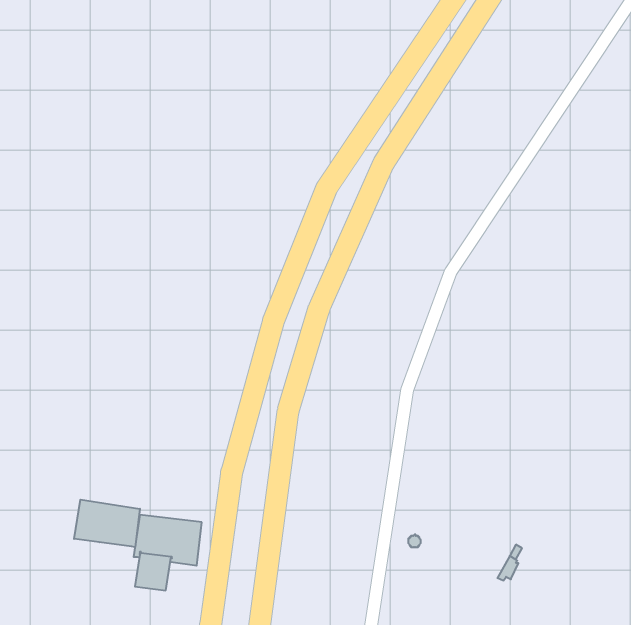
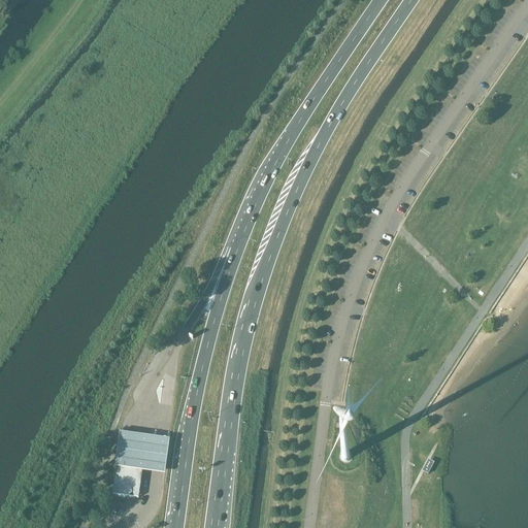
building: [74,500,140,547] -> none

